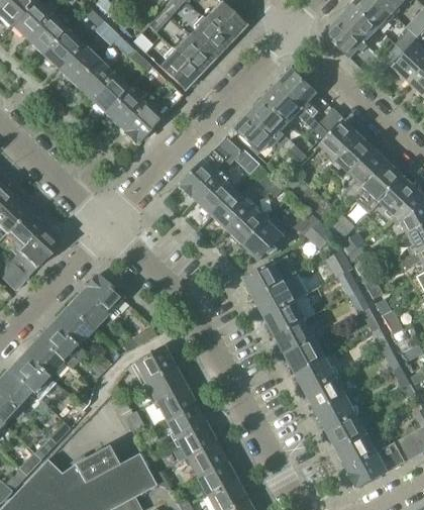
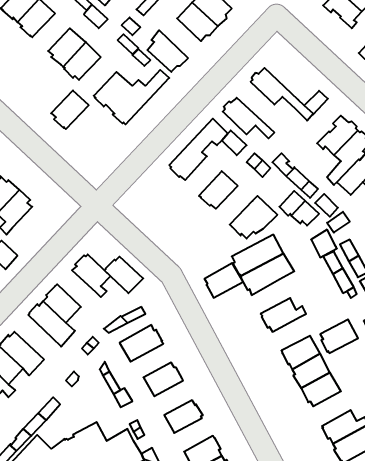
building: [325,21,366,58] -> none
building: [41,29,80,68] -> none
building: [171,34,213,75] -> none
building: [278,70,317,117] -> none
building: [89,74,127,113] -> [51,90,89,129]
building: [249,99,305,162] -> none
building: [315,120,355,173] -> none
building: [197,175,234,215] -> none
building: [228,205,266,244] -> none
building: [14,226,59,272] -> none
building: [67,291,106,328] -> [105,257,143,293]
building: [264,300,304,335] -> [204,263,243,298]
building: [23,336,62,382] -> none
building: [286,338,324,373] -> [320,319,358,353]
building: [141,366,183,400] -> none
building: [166,403,204,438] -> none
building: [327,414,365,449] -> none
building: [186,441,225,476] -> none

